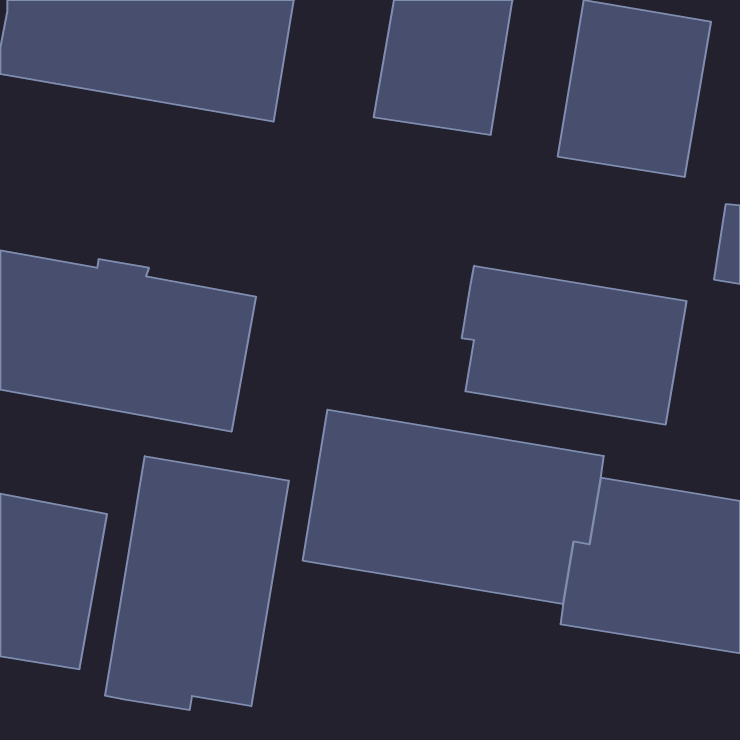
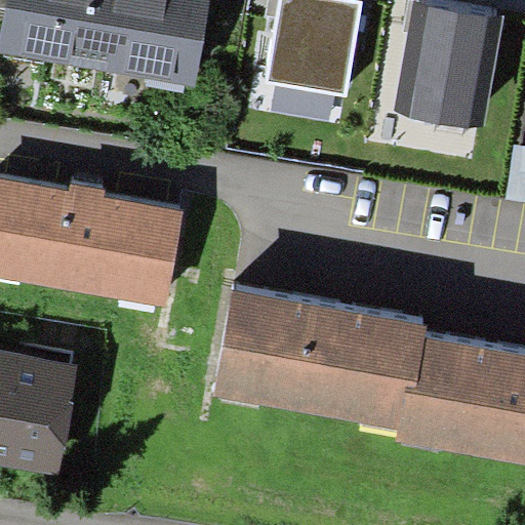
building: [462,266,686,425] -> none
building: [105,456,289,710] -> none

